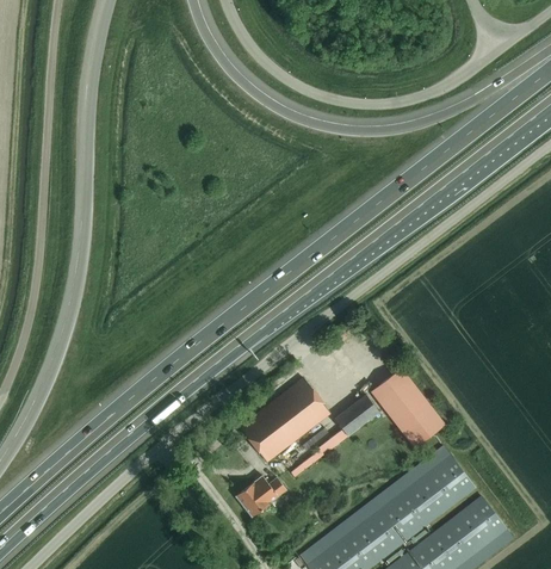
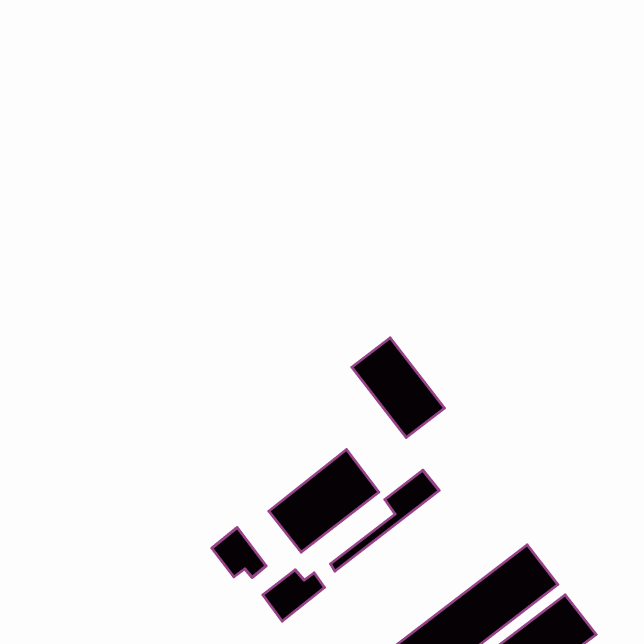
building: [370,366,445,447] -> [352,338,444,438]
building: none -> [212,527,266,577]

